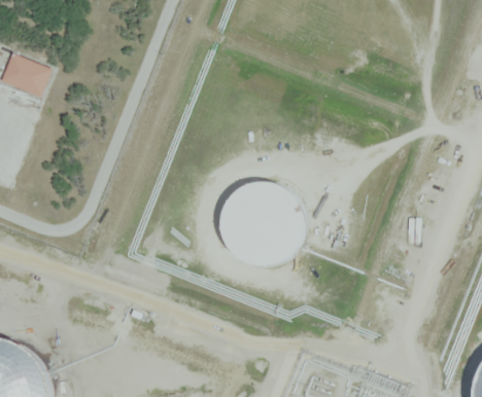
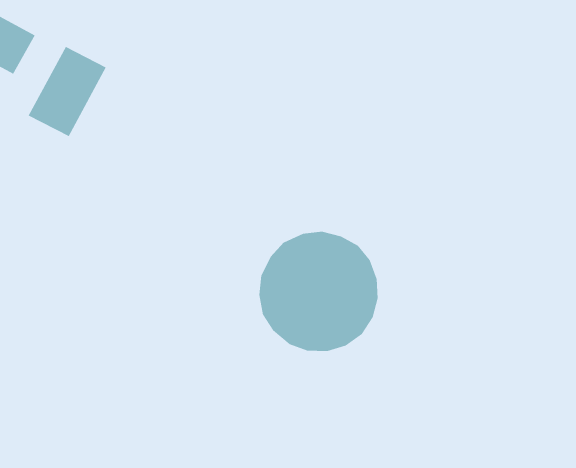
building: none -> [28,46,107,137]

